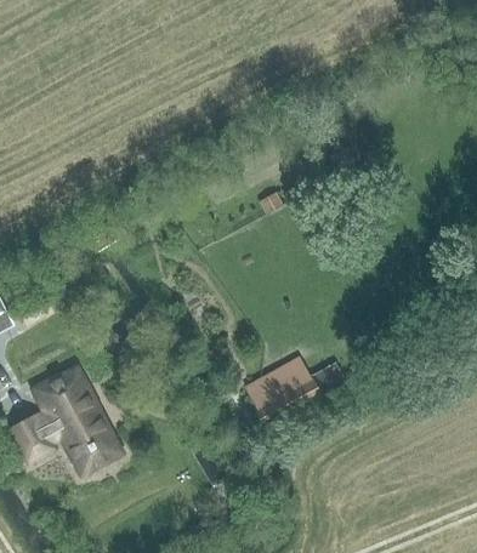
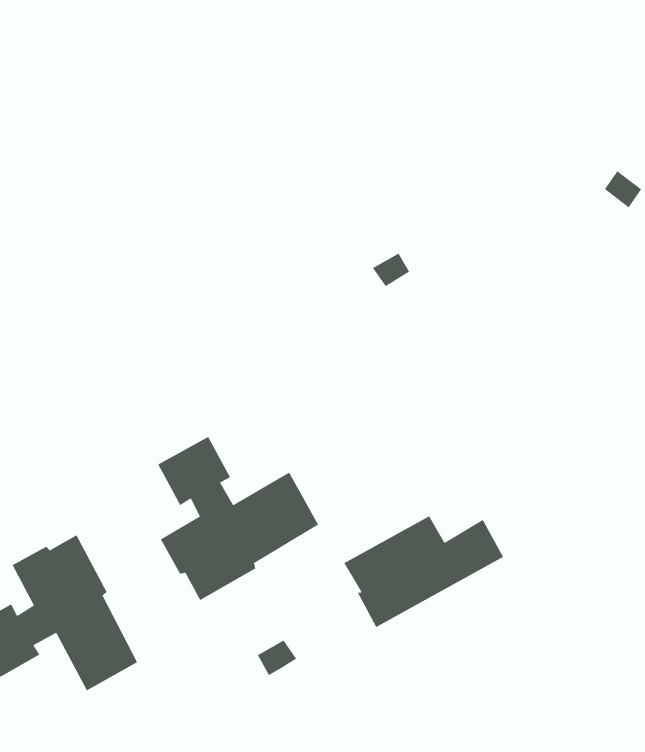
building: none -> [157,436,319,601]

